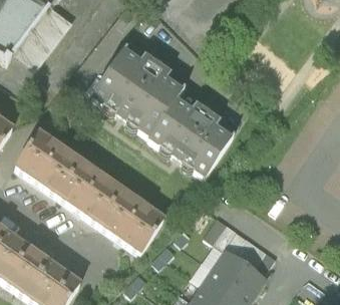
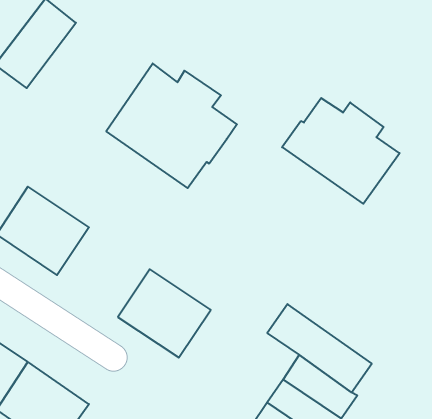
building: [149,98,231,172] -> [282,98,400,204]
building: [59,160,123,222] -> none

